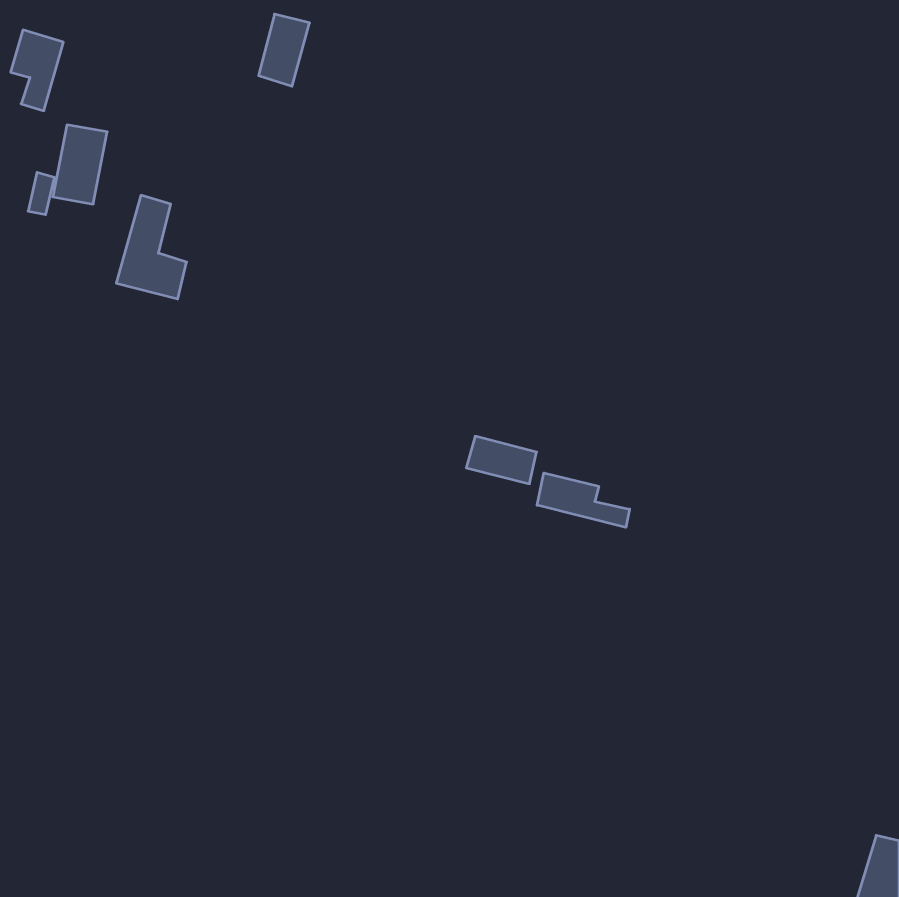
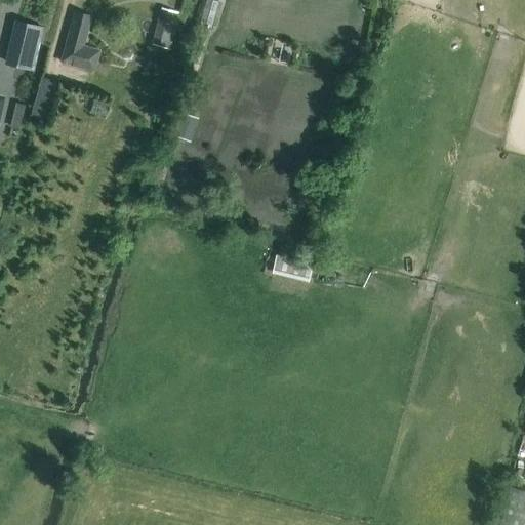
building: [116,195,187,299] -> [59,12,100,73]
building: [537,473,630,527] -> none

